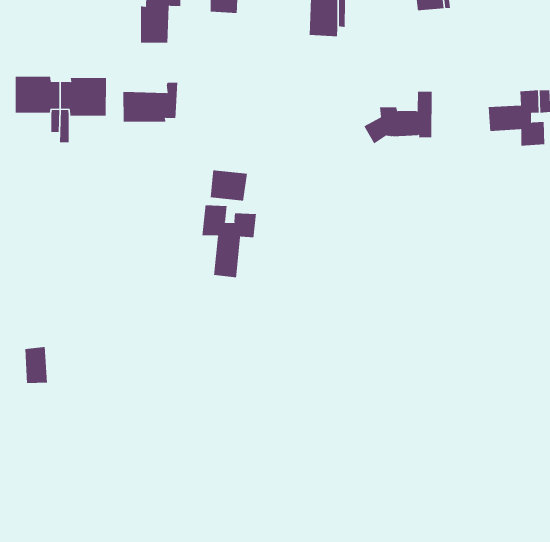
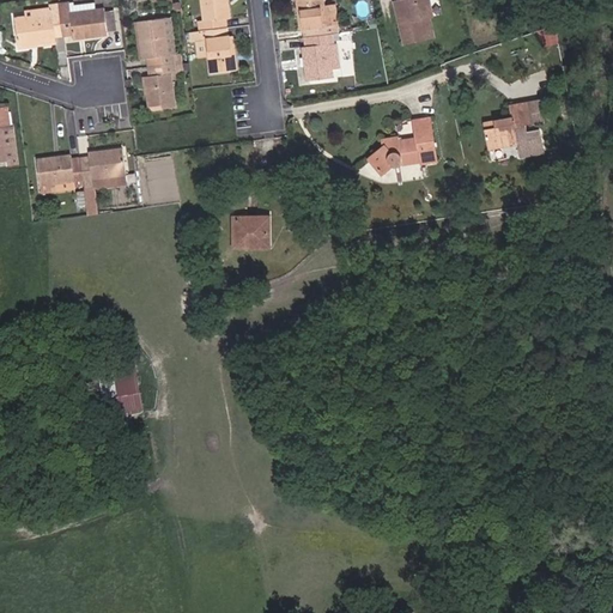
building: [123,82,178,122] -> none
building: [202,205,256,278] -> none
building: [25,347,48,384] -> [117,376,144,413]

